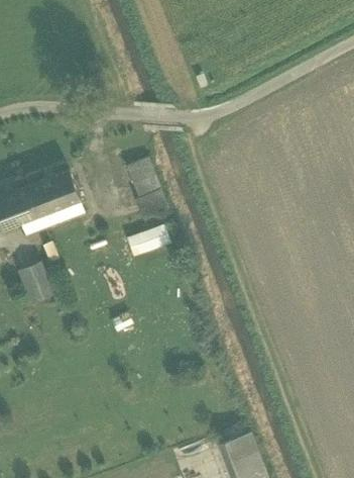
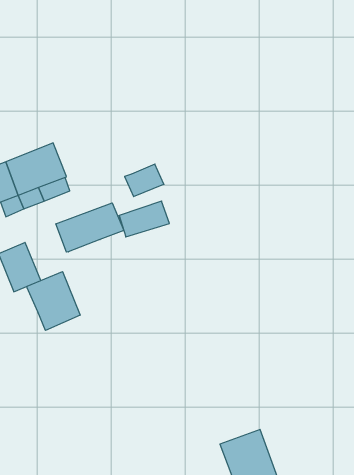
building: [126,160,159,197] -> none
building: none -> [56,203,124,252]
building: none -> [27,272,80,330]

